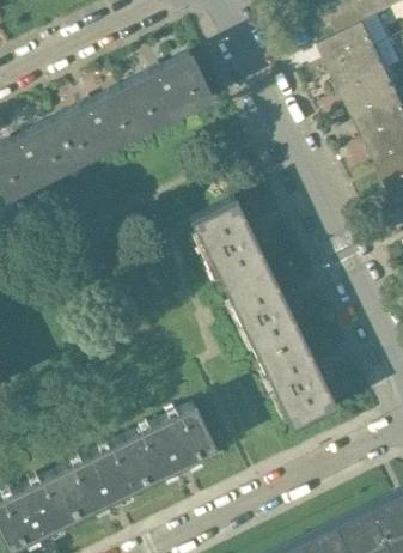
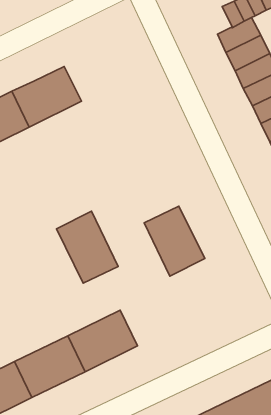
building: [121,54,213,134] -> none
building: [190,199,270,292] -> [57,211,118,283]
building: [258,339,337,431] -> none

